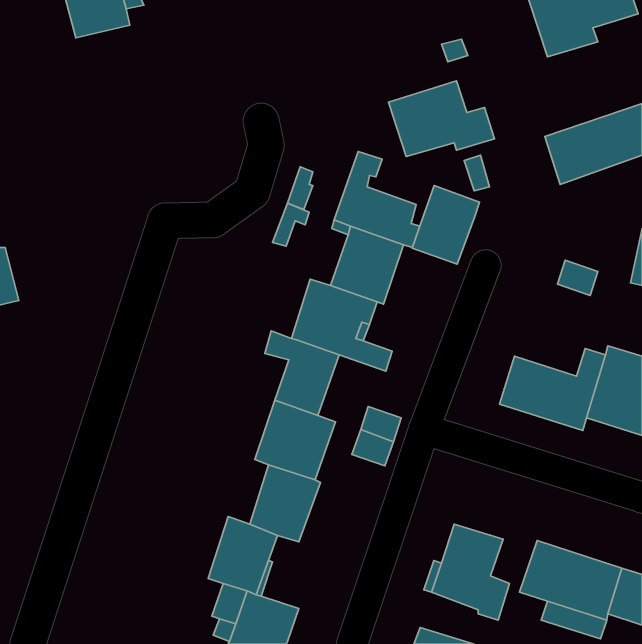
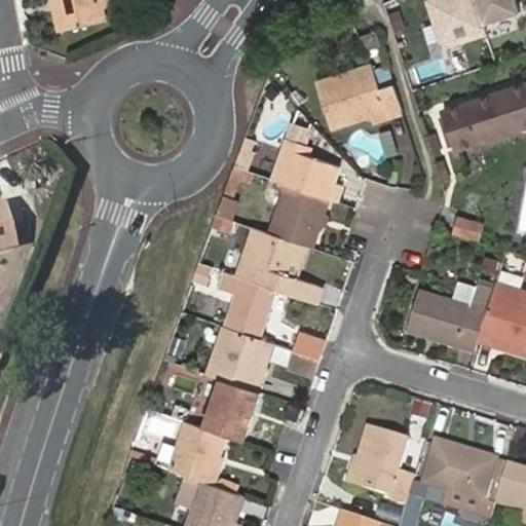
building: [412,186,480,264] -> none

